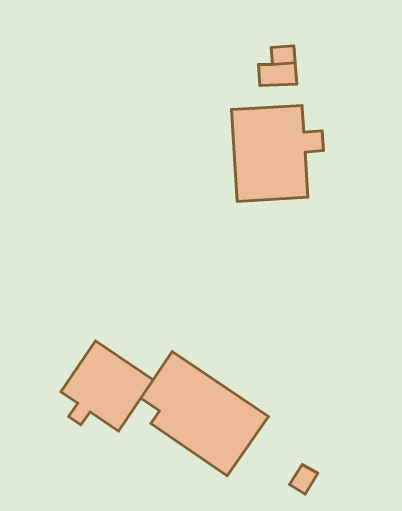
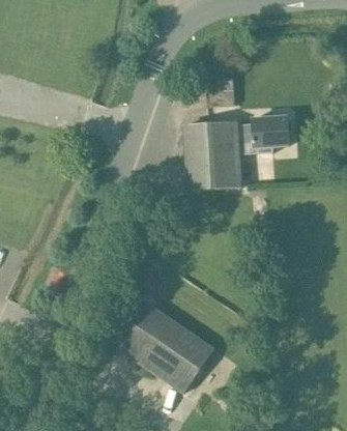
building: none -> [238,117,288,154]
building: [61,341,153,431] -> none

